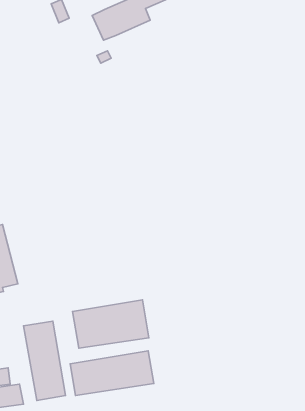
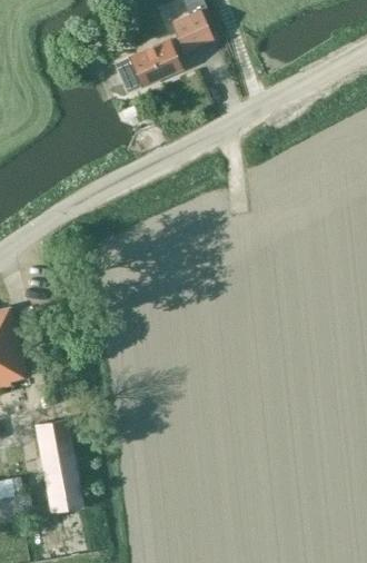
building: [73,300,149,348] -> none
building: [70,351,154,396] -> none

